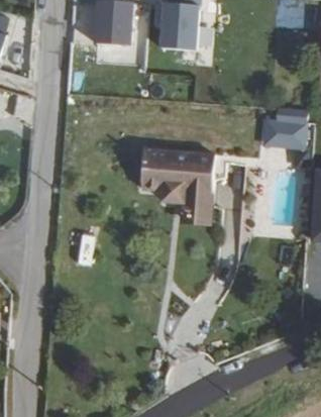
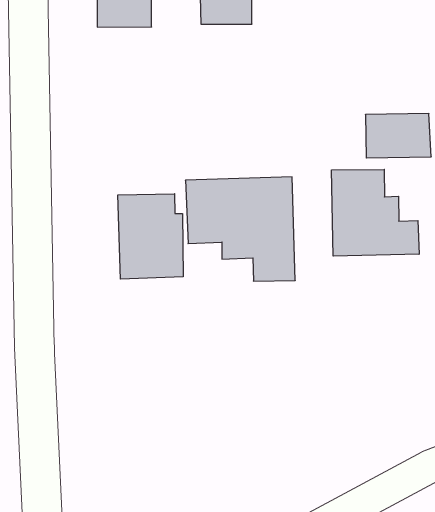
building: none -> [332,169,419,256]
building: none -> [118,194,183,279]

